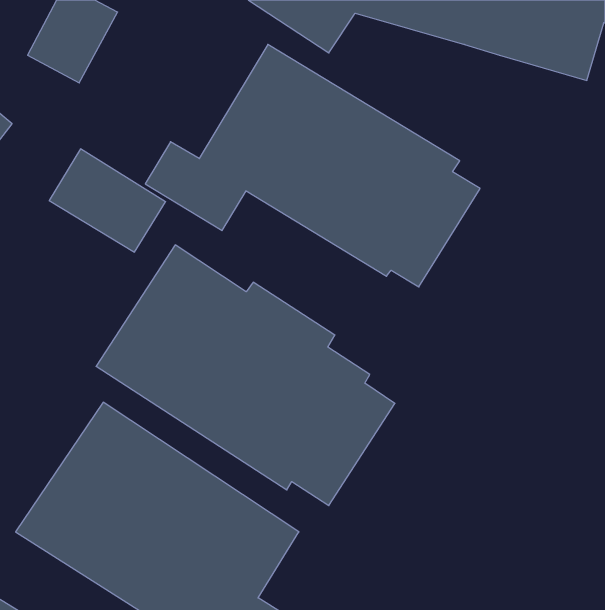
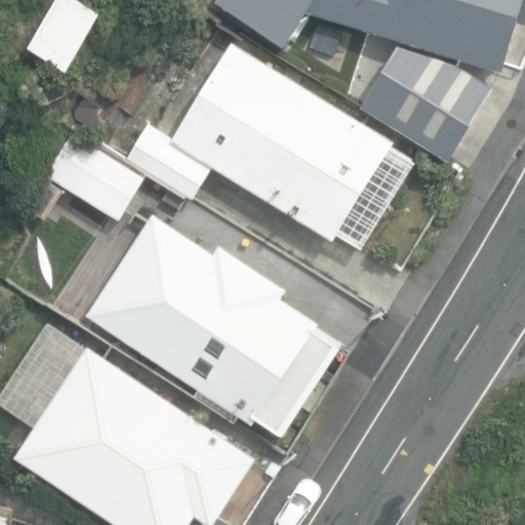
building: none -> [357,45,486,164]

